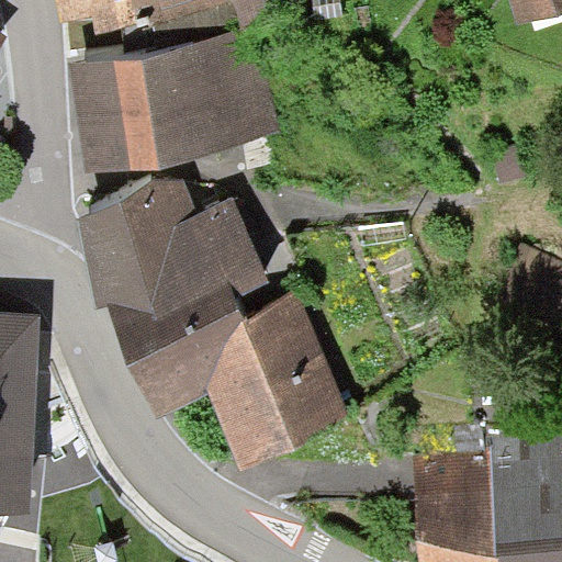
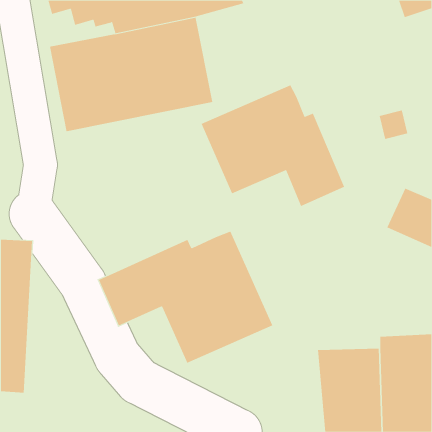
building: none -> [201,84,345,207]
building: [77,182,280,363] -> none

